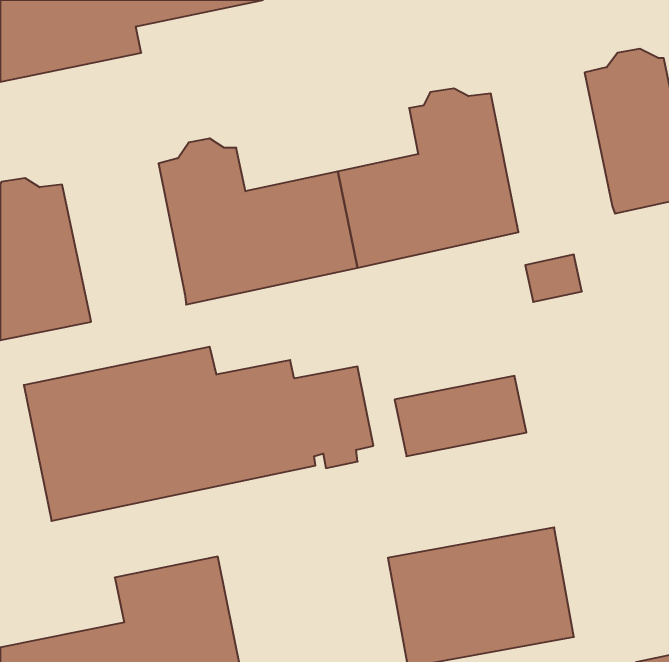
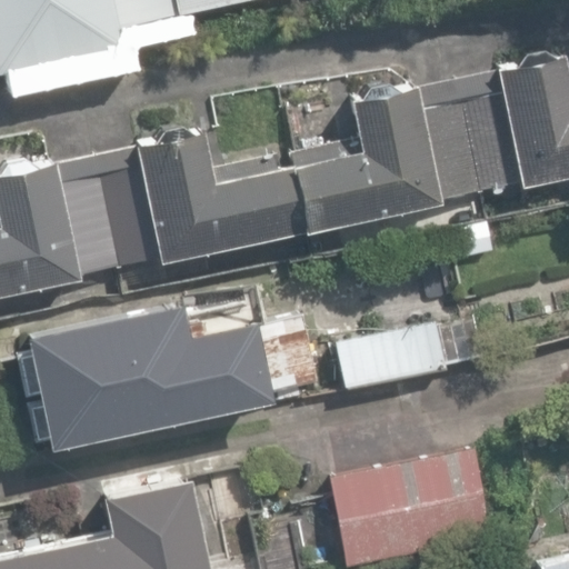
building: none -> [418,71,520,200]
building: none -> [57,148,160,276]

